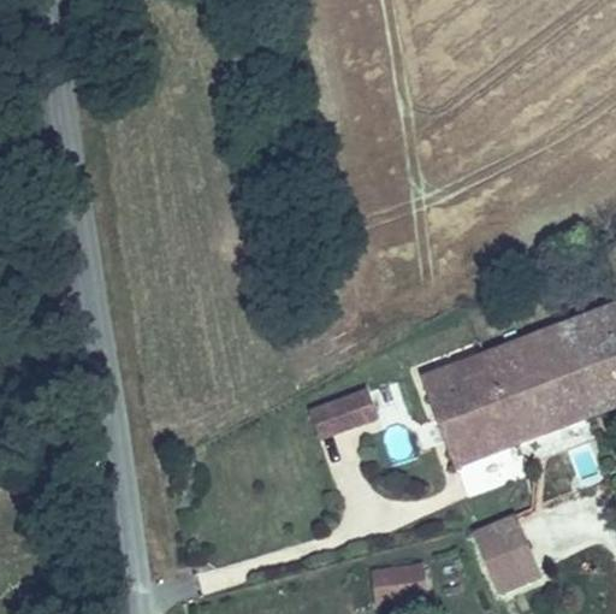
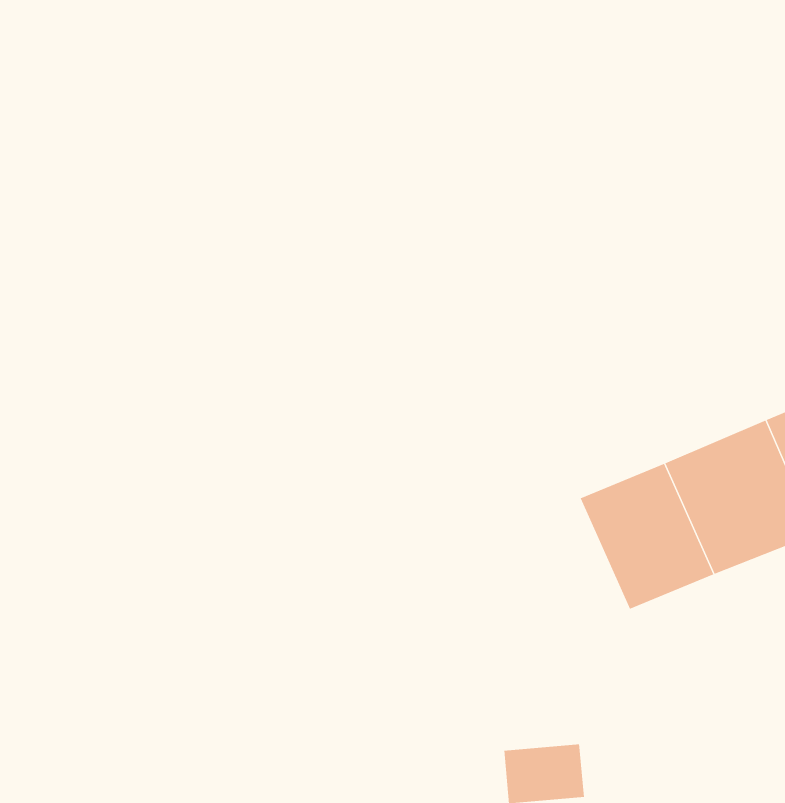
building: [307,383,380,441] -> none
building: [475,513,541,594] -> none

